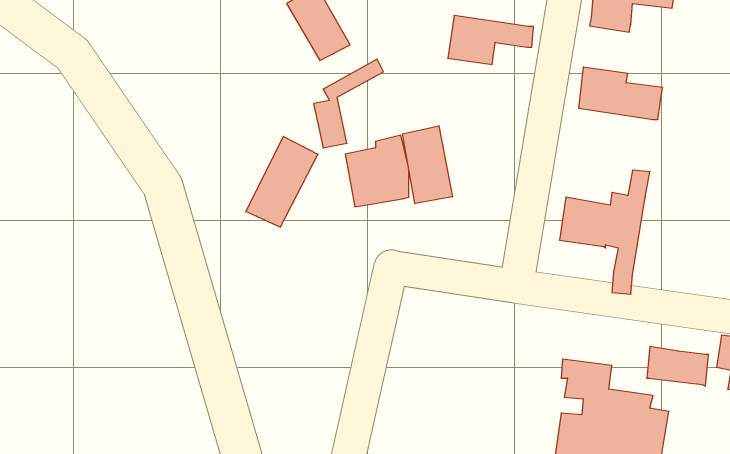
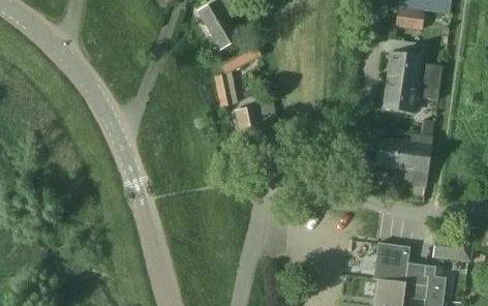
building: [448,15,533,65] -> [384,80,439,112]
building: [403,126,452,204] -> none
building: [246,136,318,227] -> none

